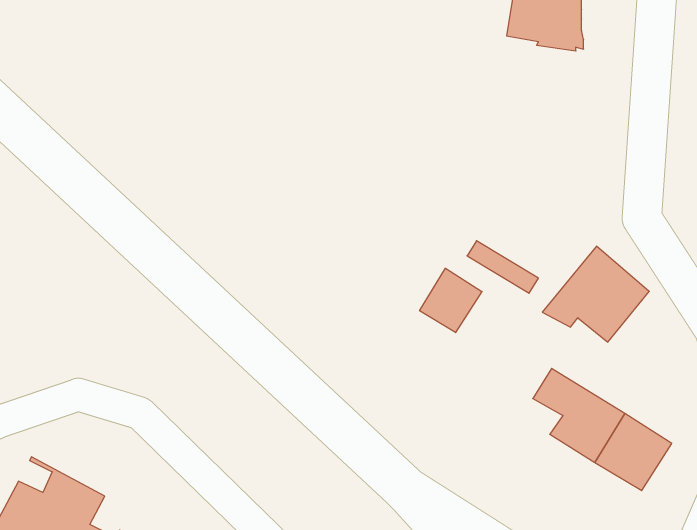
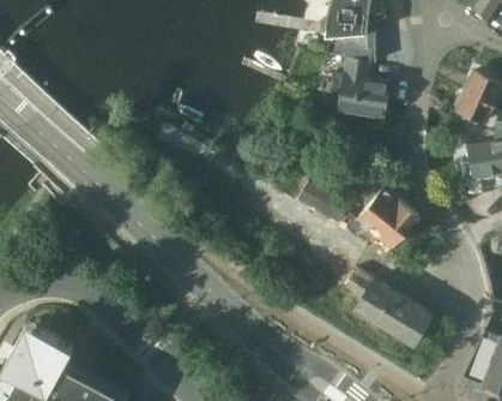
building: none -> [328,61,391,120]
building: [420,268,482,333] -> none

